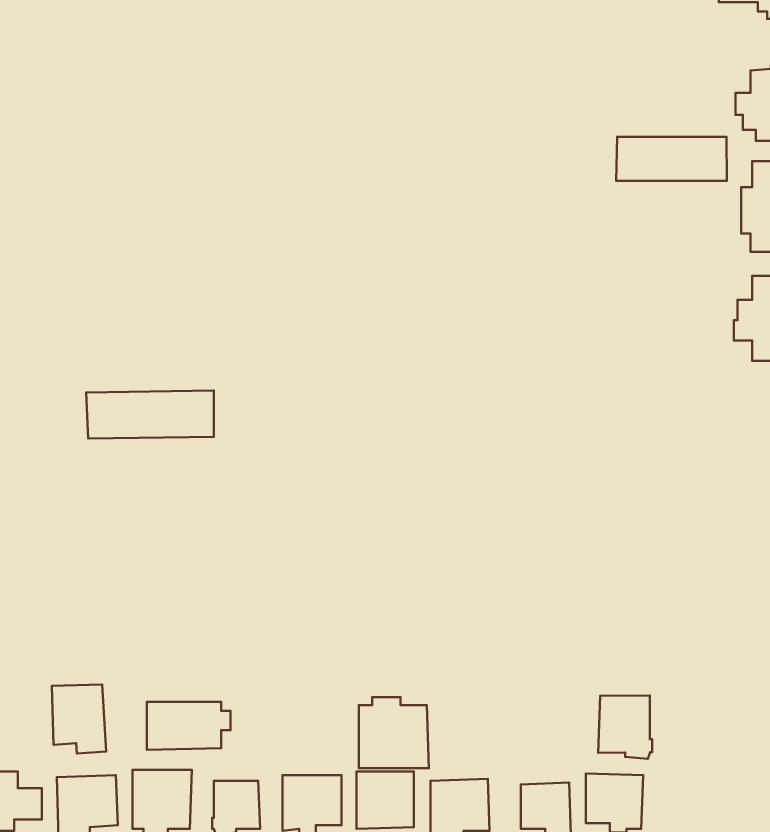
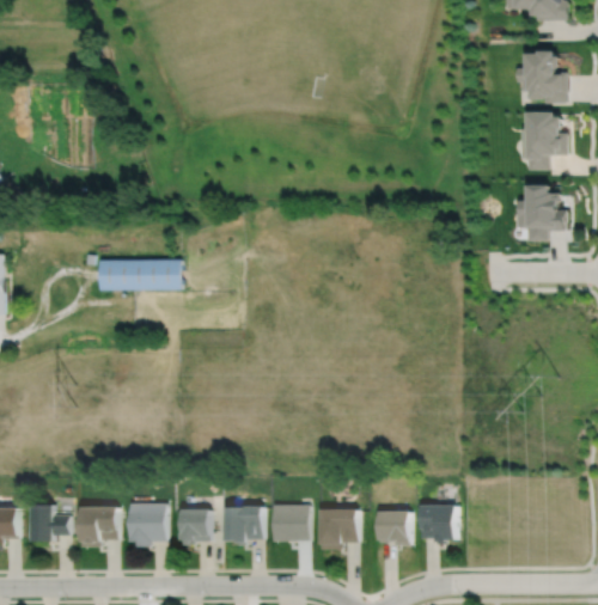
building: [616,137,727,181] -> none
building: [52,684,106,754] -> none
building: [598,695,652,759] -> none
building: [359,697,429,768] -> none
building: [147,702,231,750] -> none

